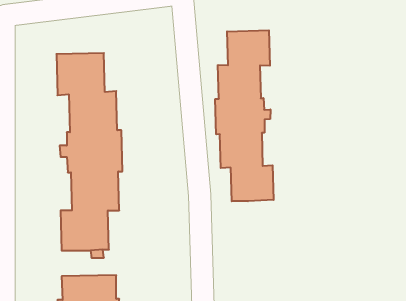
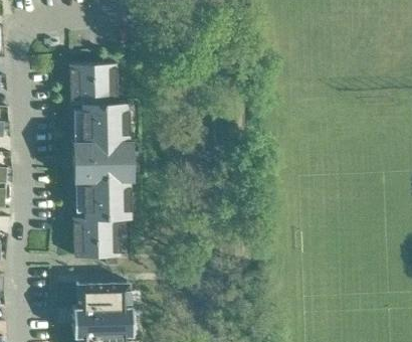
building: [215,30,274,201] -> none

